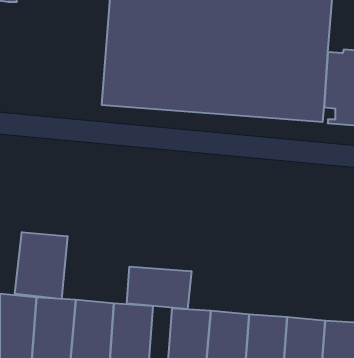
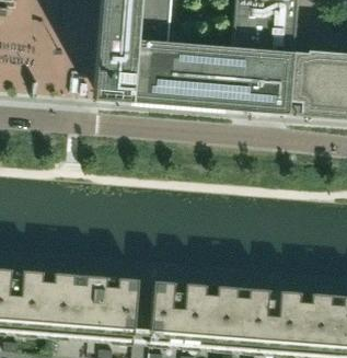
building: [15,232,67,299] -> none
building: [127,267,191,309] -> none

